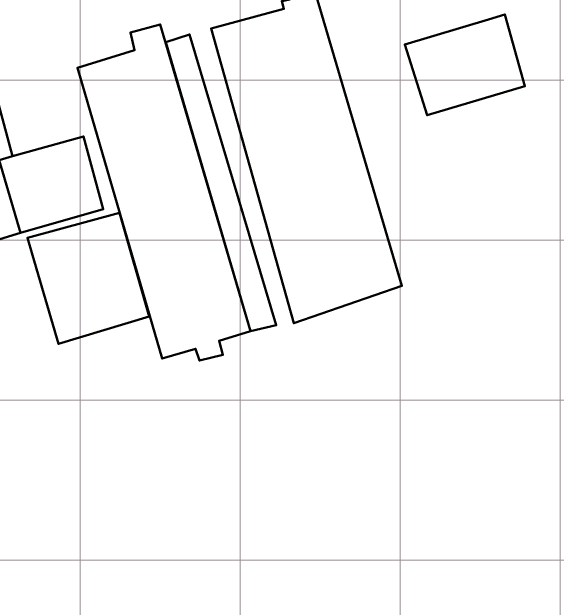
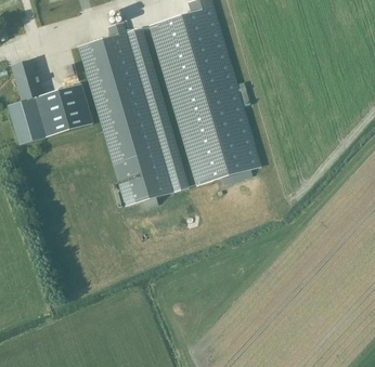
building: [405,15,525,115] -> none
building: [28,213,149,344] -> none

